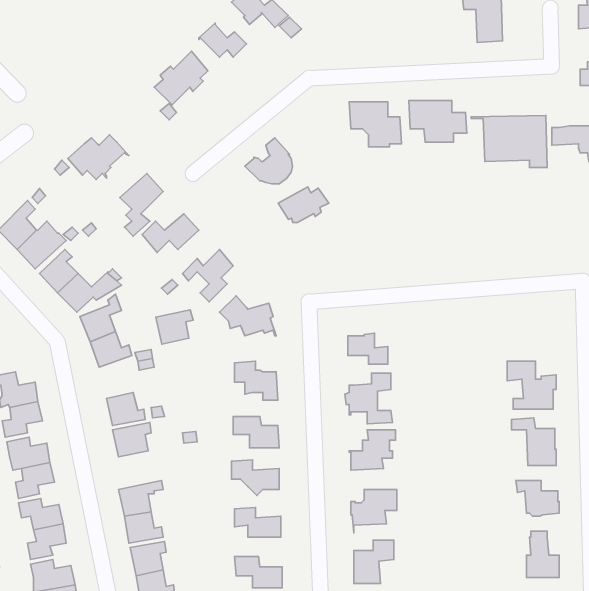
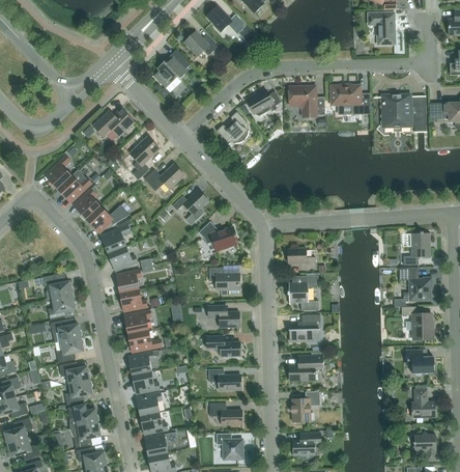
building: [278,187,329,223] -> [247,90,282,115]
building: [156,310,193,344] -> [116,269,142,293]
building: none -> [403,231,431,265]
building: none -> [128,329,162,353]

